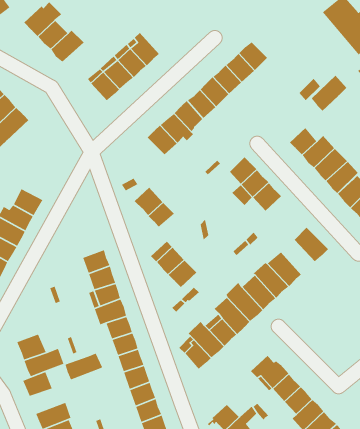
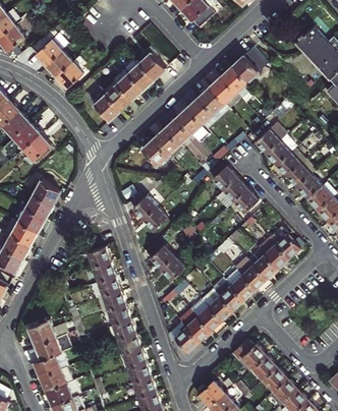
building: none -> [135,45,165,78]
building: none -> [233,48,269,84]
building: [311,75,347,111] -> [256,123,287,155]
building: none -> [21,135,50,165]
building: none -> [29,181,60,204]
building: none -> [259,239,288,270]
building: [64,352,103,381] -> [41,365,74,390]

